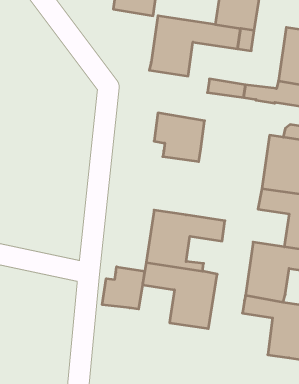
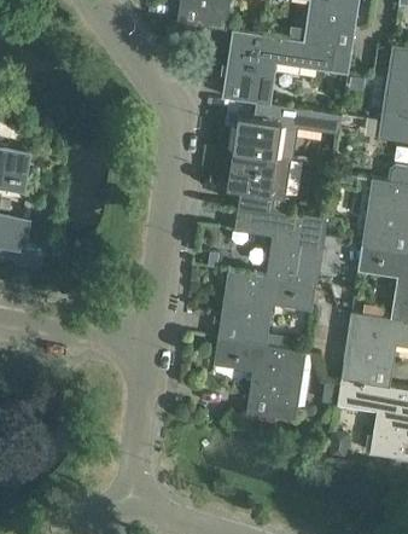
building: none -> [232,117,280,159]
building: none -> [234,207,326,286]
building: [102,267,144,309] -> none

